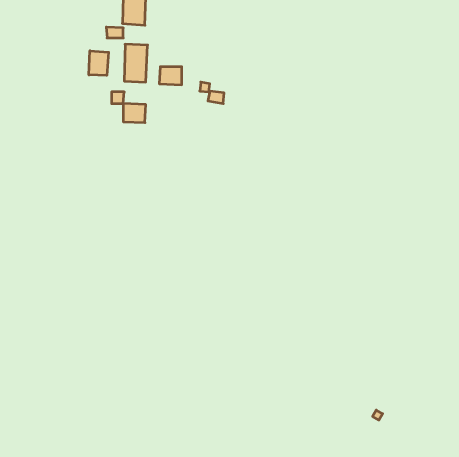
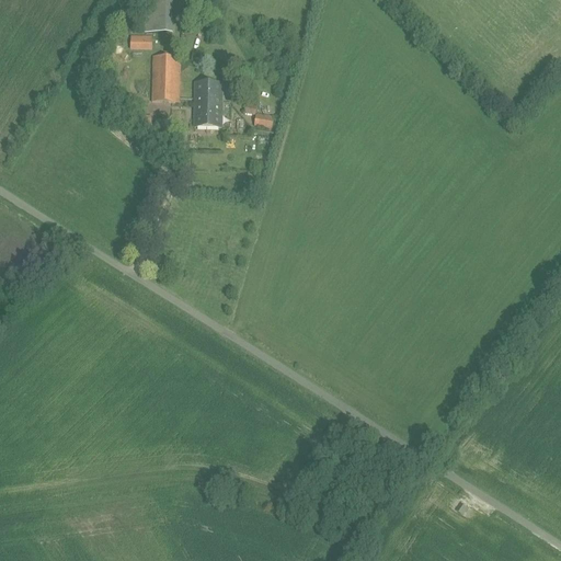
building: [89,51,109,75] -> none
building: [123,104,146,123] -> [194,102,221,125]

